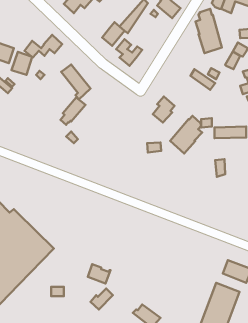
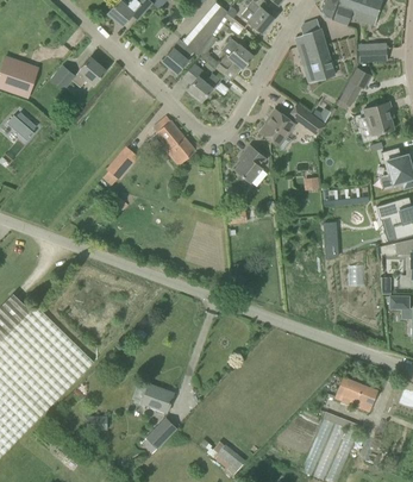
building: none -> [214,38,252,81]
building: [12,52,32,75] -> none
building: [61,64,90,99] -> [152,117,194,167]
building: none -> [259,109,295,144]
building: [170,116,202,154] -> none

